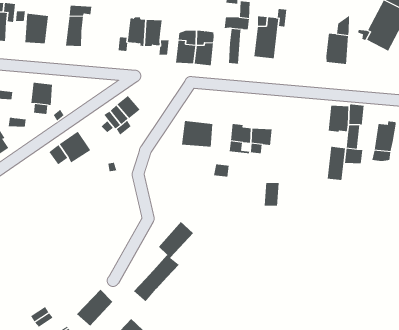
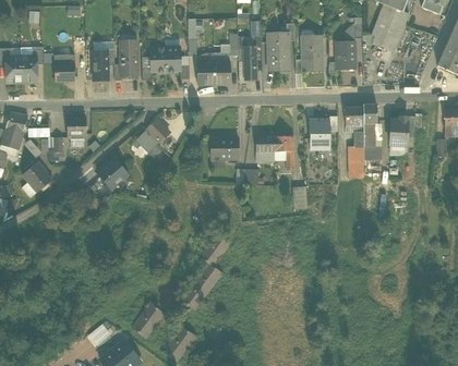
building: none -> [120,40,136,76]
building: none -> [301,35,323,70]
building: none -> [309,119,329,149]

